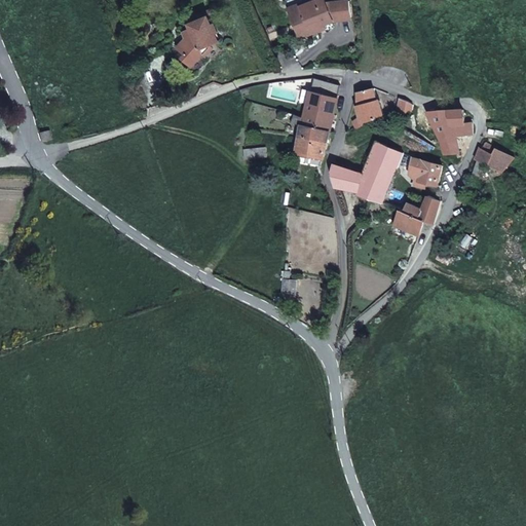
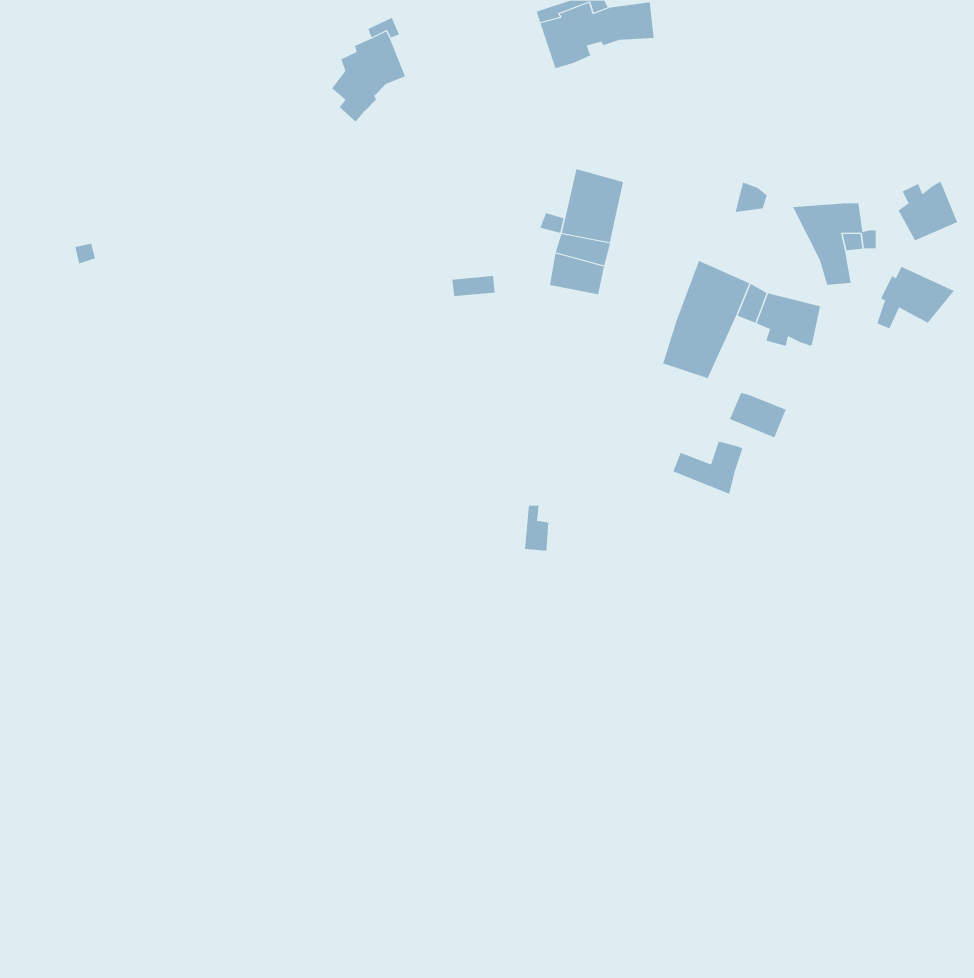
building: [350,87,380,128] -> none
building: none -> [898,181,958,241]
building: [330,162,363,192] -> none
building: [402,195,440,224] -> [672,441,743,494]

